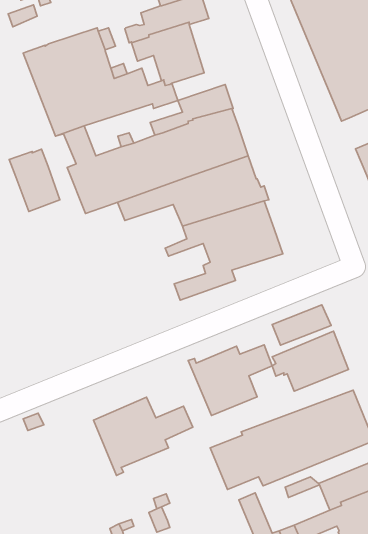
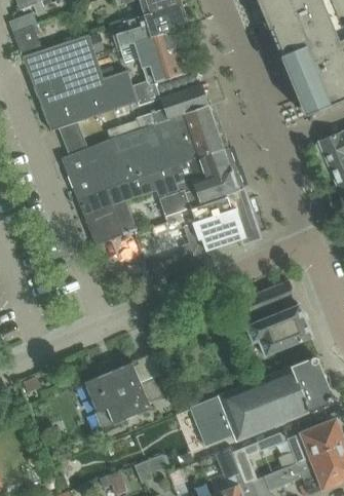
building: none -> [13,23,42,55]
building: [9,149,60,212] -> [78,189,123,244]
building: [188,345,272,415] -> none

